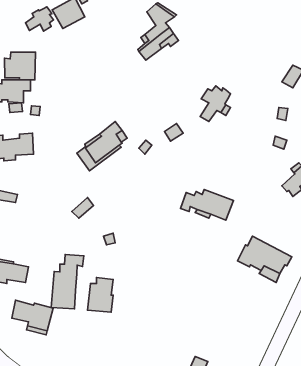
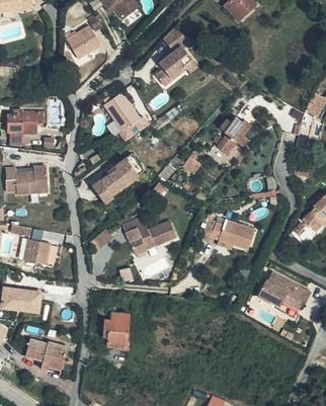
building: [25,7,53,31] -> none
building: [5,52,35,80] -> none
building: none -> [104,90,150,140]
building: none -> [119,214,177,253]
building: none -> [24,240,51,266]
building: [51,254,84,309] -> none

